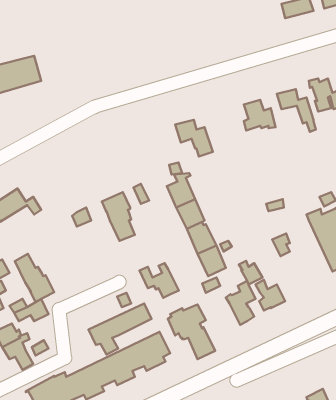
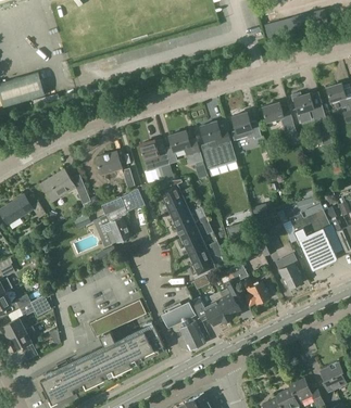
building: none -> [200,120,237,167]
building: none -> [139,139,170,167]
building: none -> [96,150,135,188]
building: none -> [41,168,90,203]
building: [15,254,54,302] -> none
building: none -> [275,253,302,286]
building: [140,263,179,298] -> [192,293,228,324]

